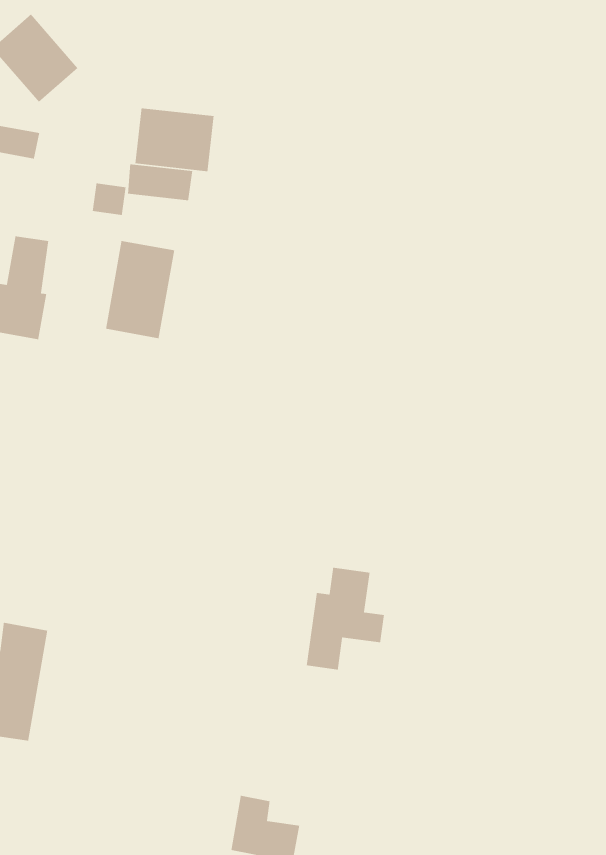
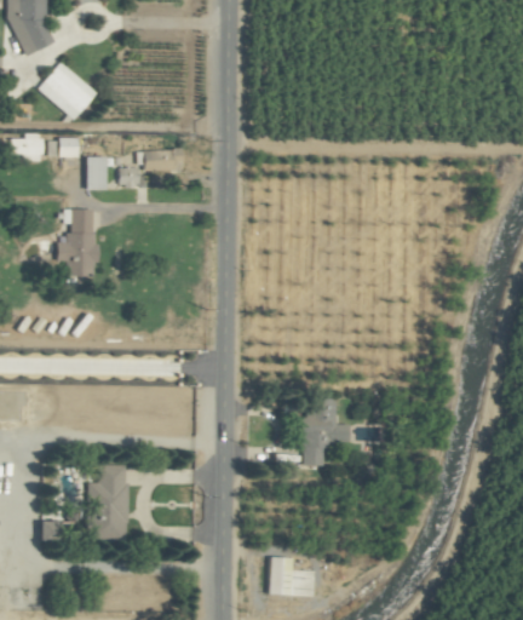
building: [135,107,215,172] -> none
building: none -> [86,156,108,190]
building: [105,240,175,339] -> none

